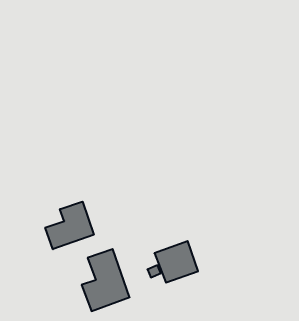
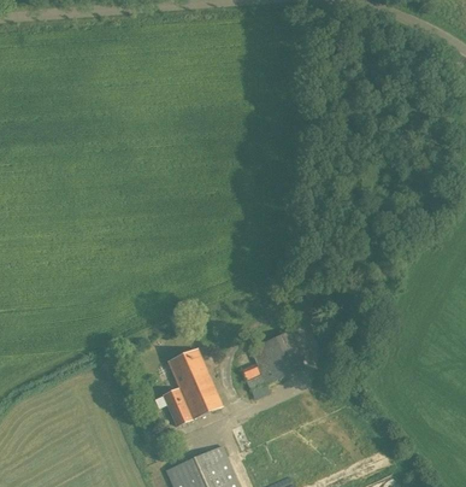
building: [45,202,94,249] -> none

